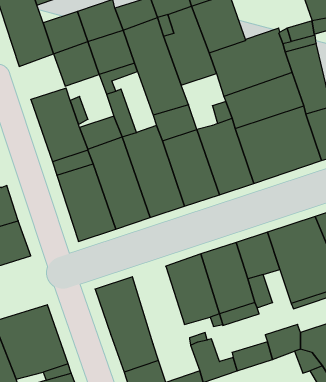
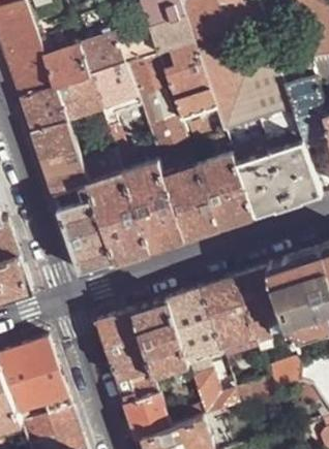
building: none -> [20,91,66,136]
building: none -> [132,302,187,380]

